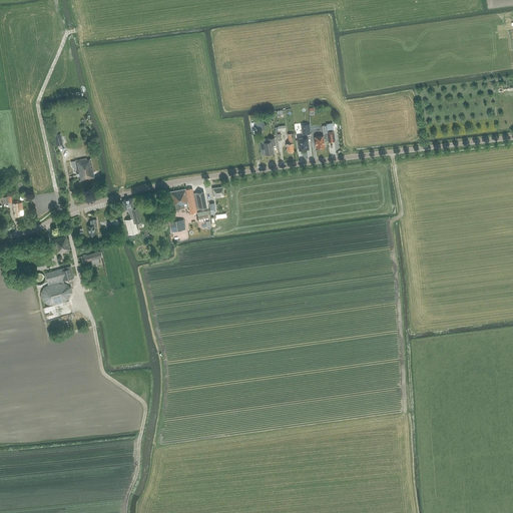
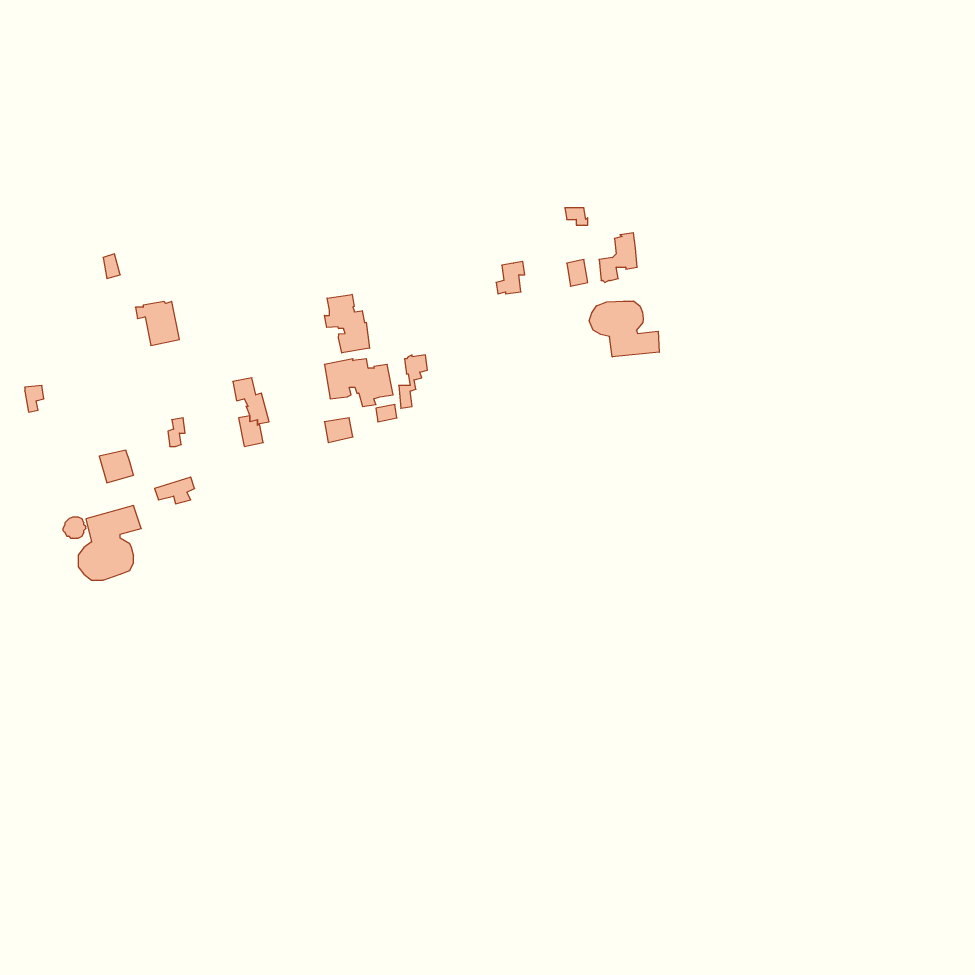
building: none -> [325,294,370,353]
building: none -> [589,301,659,357]

